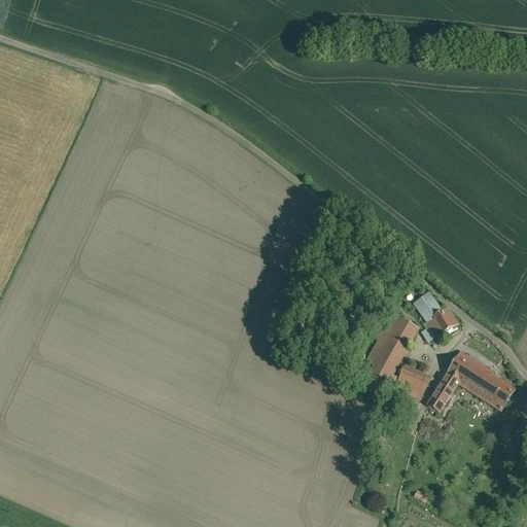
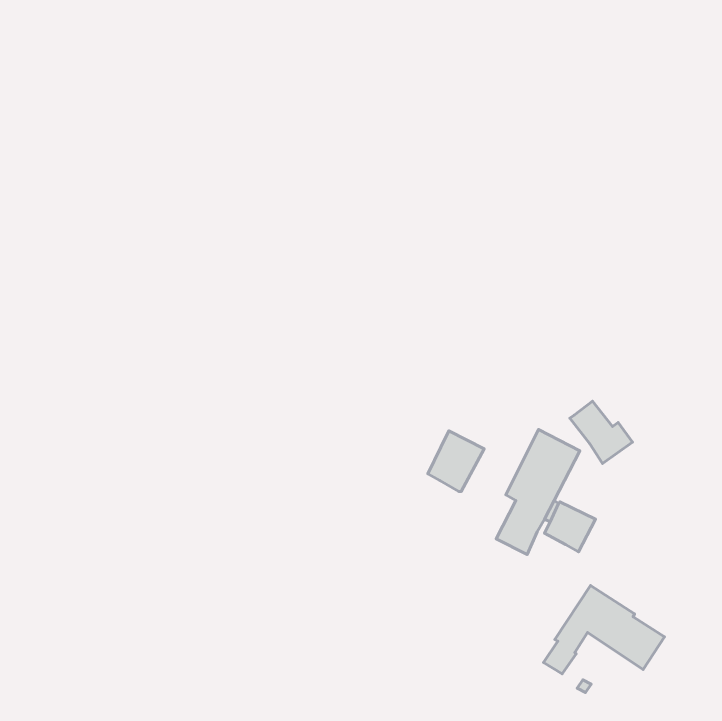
building: none -> [428,431,484,492]
building: [426,349,514,413] -> [544,586,664,674]

